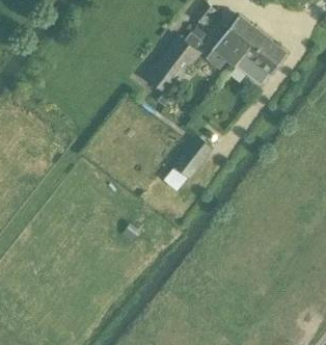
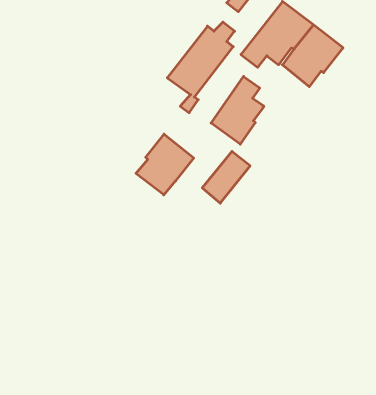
building: none -> [211,76,264,144]
building: none -> [136,134,194,195]

